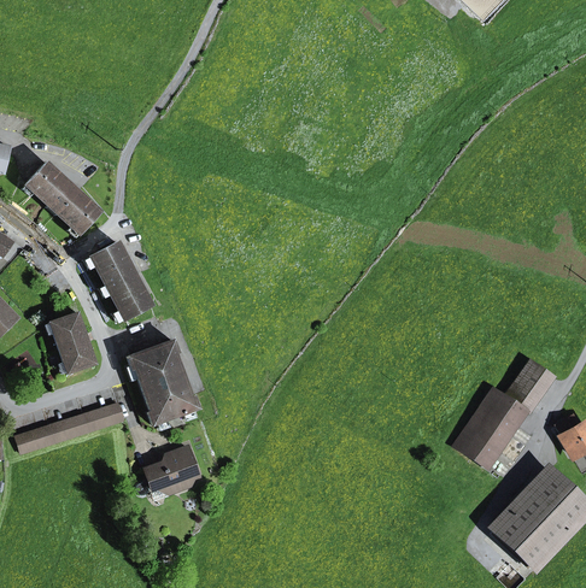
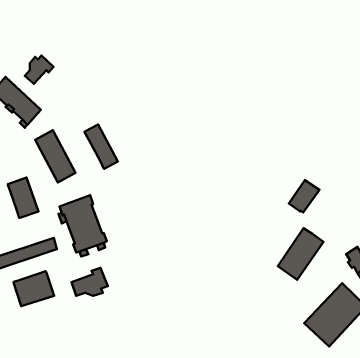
building: none -> [25,55,54,84]
building: none -> [84,124,118,169]
building: [505,361,551,410] -> [289,180,319,212]
building: none -> [13,271,54,306]

